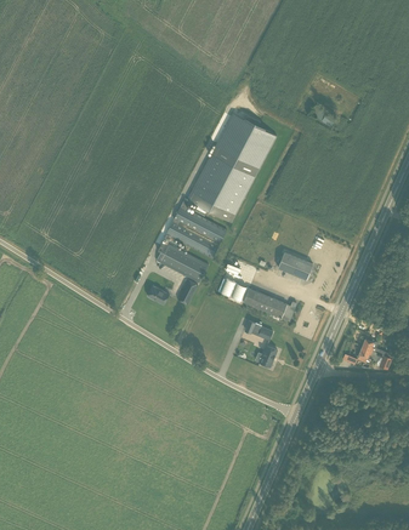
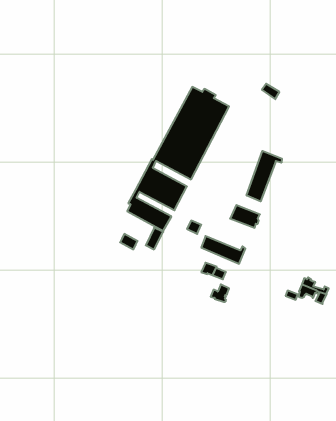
building: none -> [247,151,282,201]

